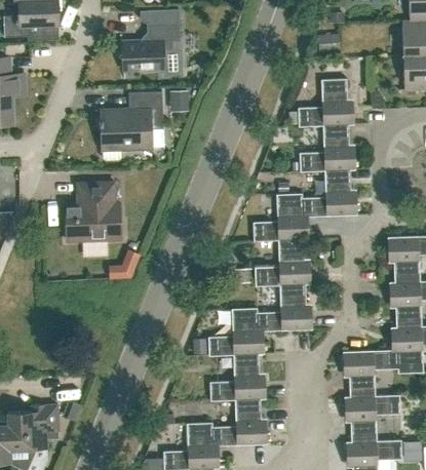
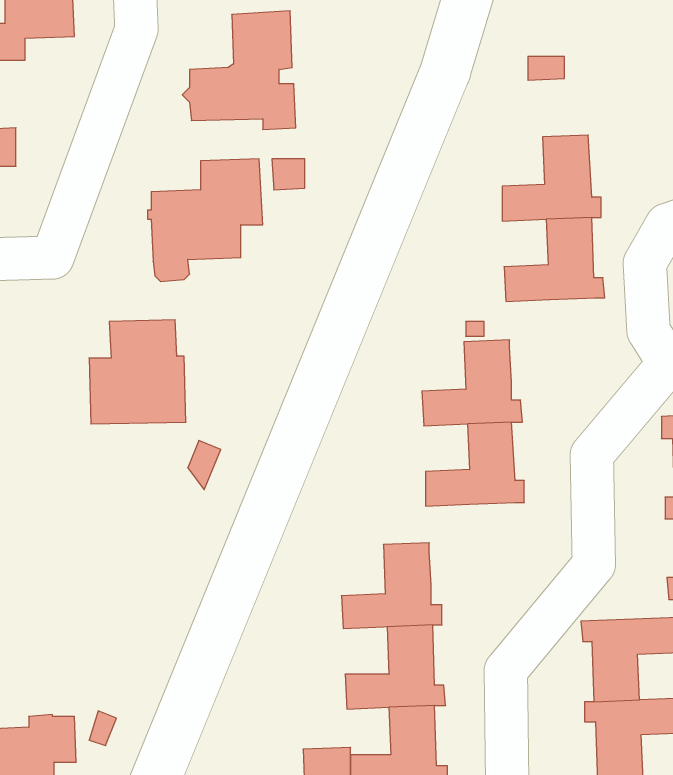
building: [302,169,356,217] -> none
building: [257,284,312,330] -> none

